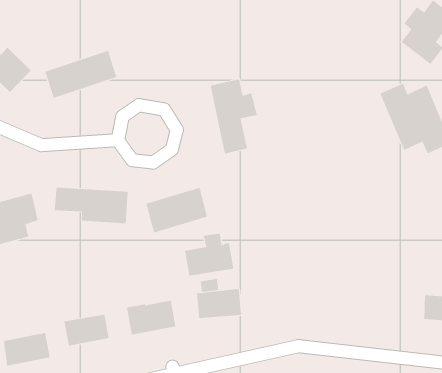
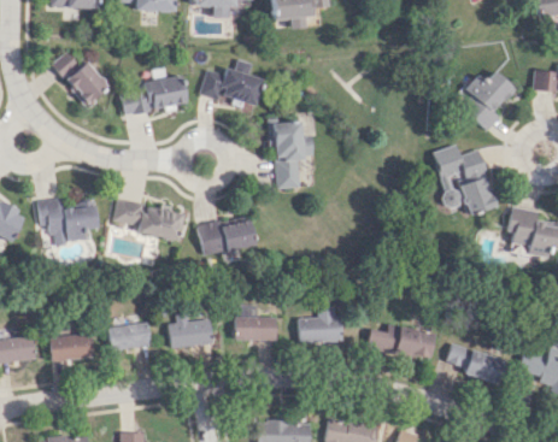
building: none -> [204,69,265,107]
building: [184,233,234,276] -> [299,306,343,342]
building: none -> [368,323,435,361]

